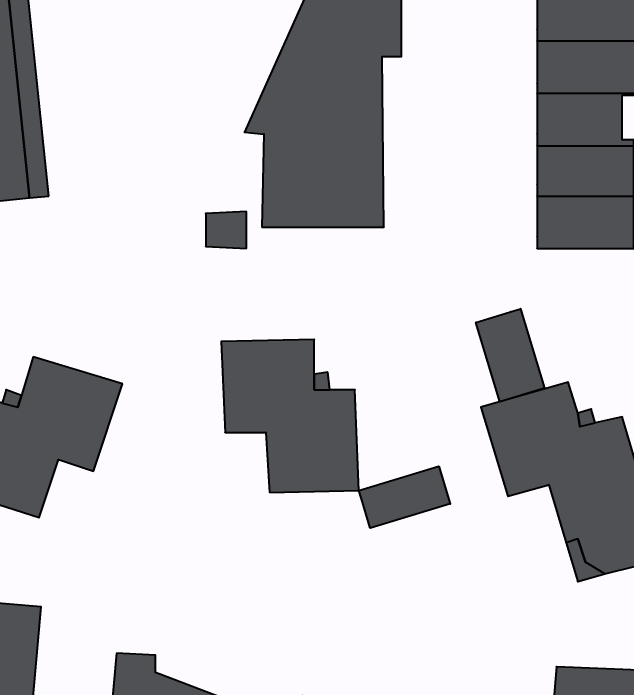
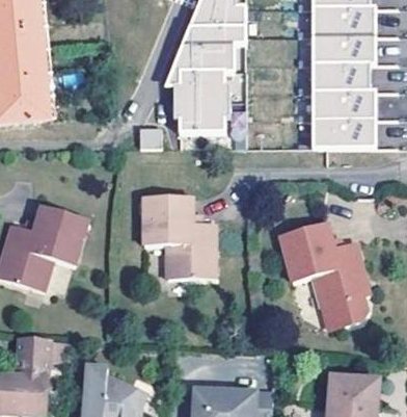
building: [476,309,545,402] -> none
building: [359,466,450,528] -> none

